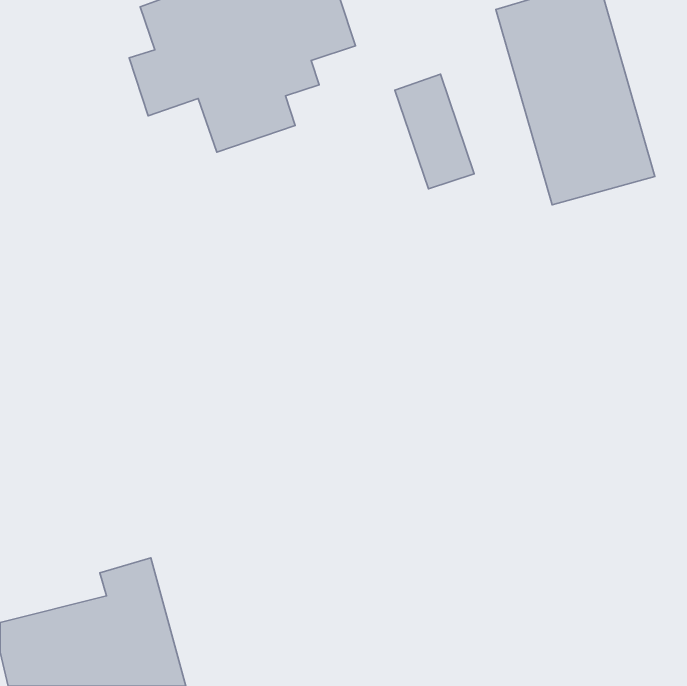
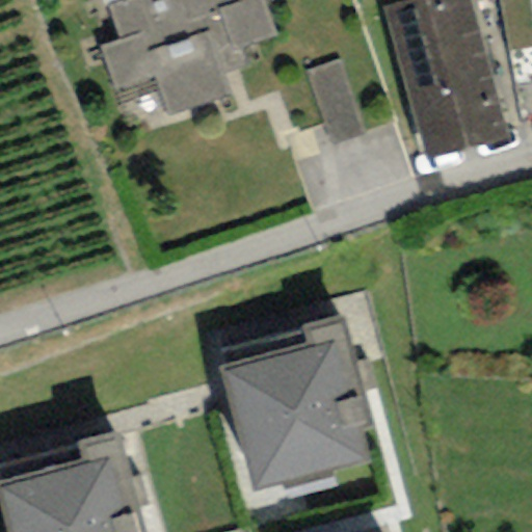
building: none -> [220,314,373,490]

